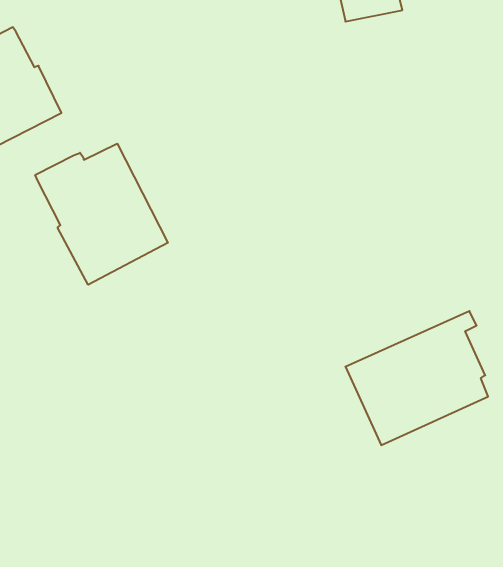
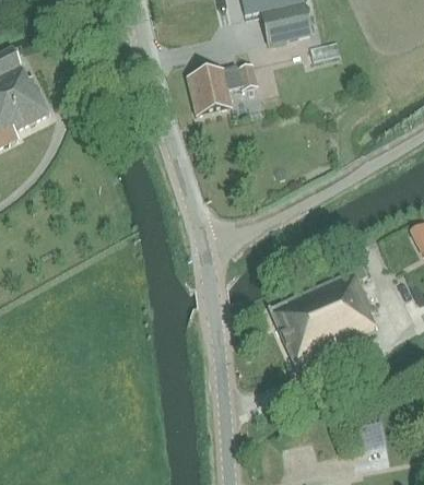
building: none -> [187,64,258,116]
building: [35,144,168,285] -> none

